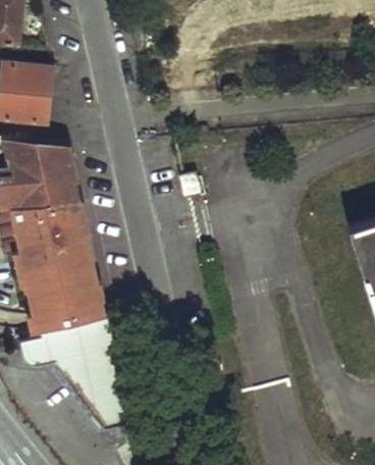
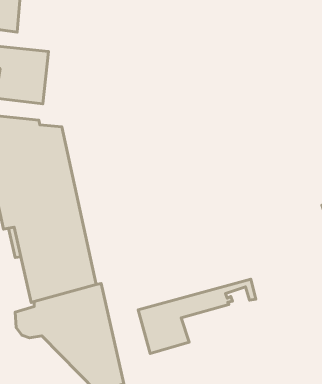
building: none -> [138,279,256,354]

